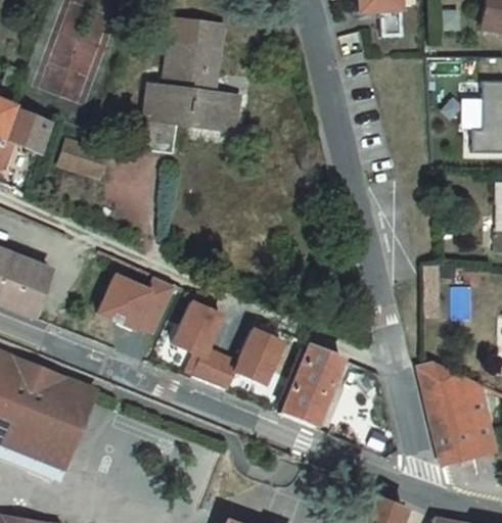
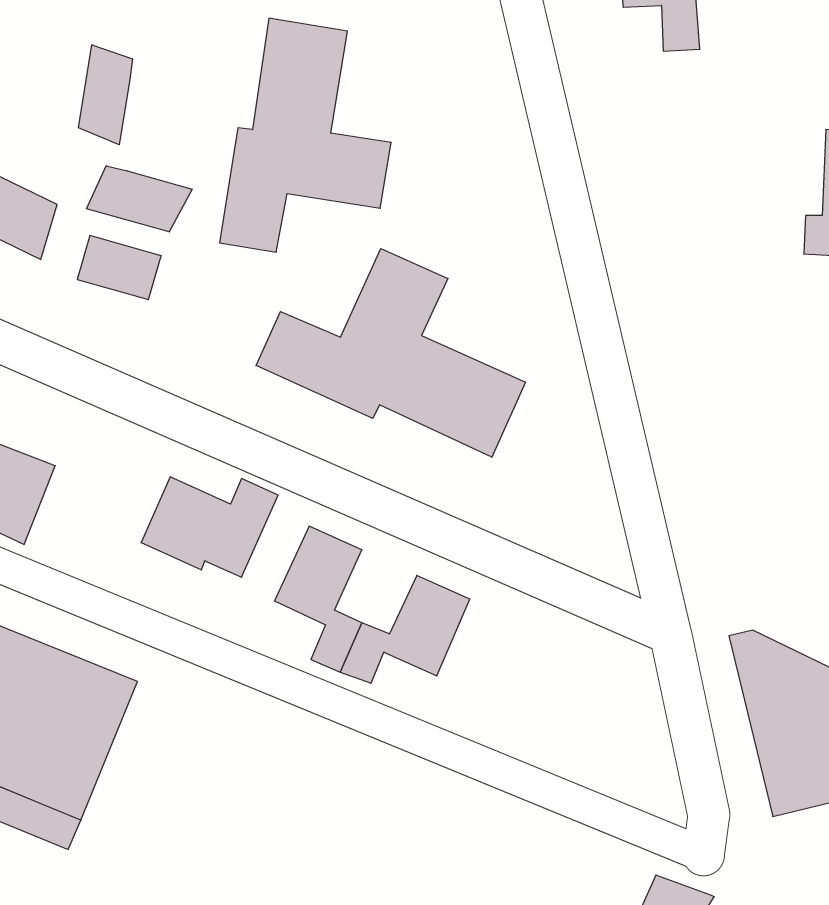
building: none -> [79,45,132,145]
building: none -> [86,166,192,232]
building: none -> [256,249,525,457]
building: [280,342,341,431] -> none

